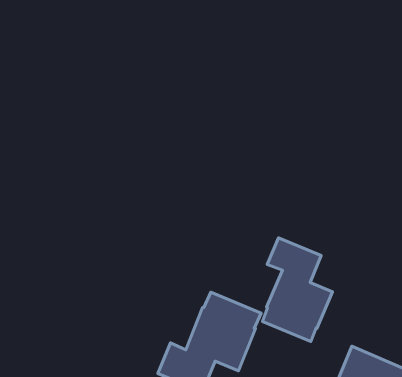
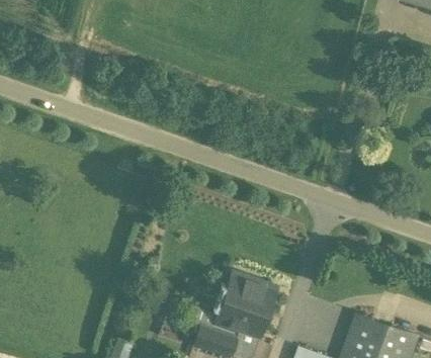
building: [262,238,333,342] -> none

